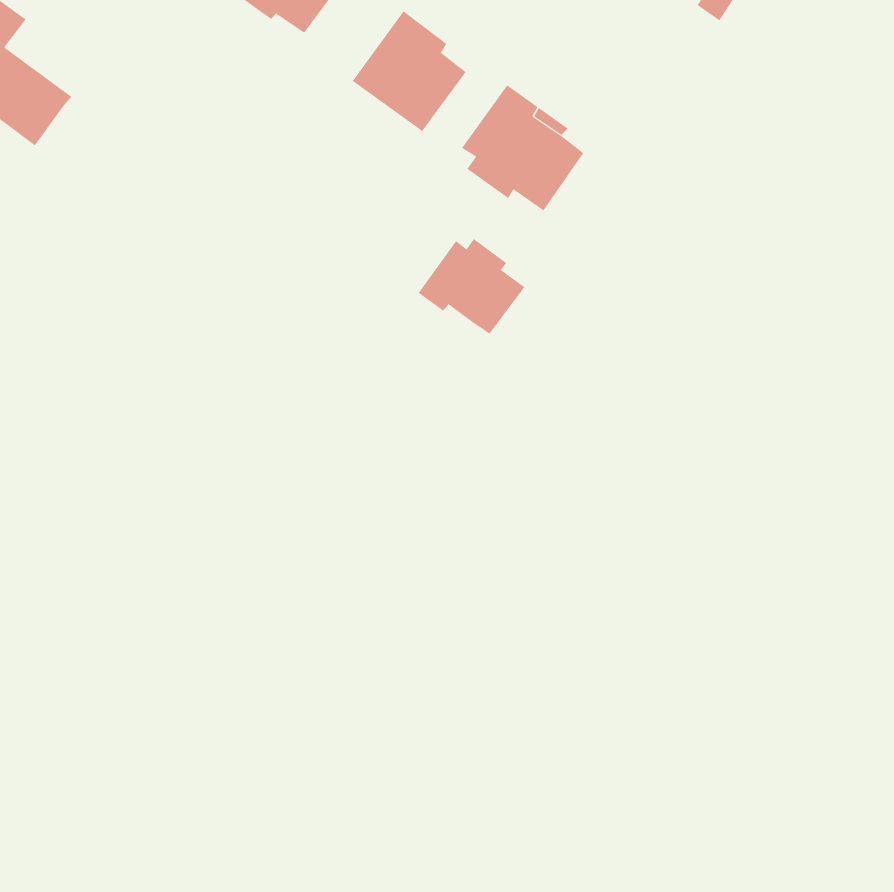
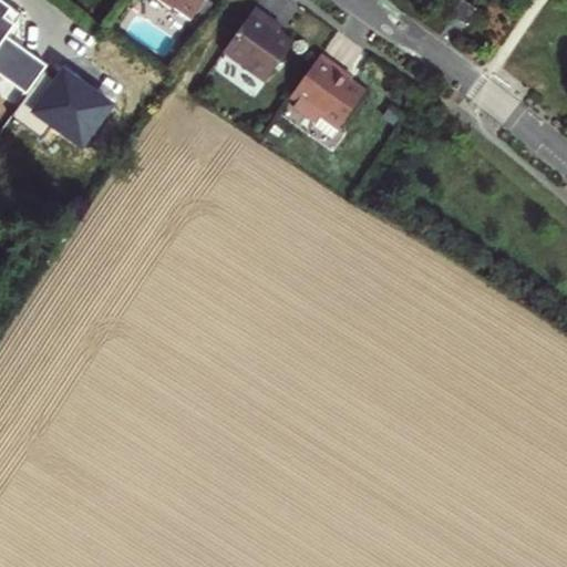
building: none -> [11,68,105,141]
building: [418,238,525,334] -> none

